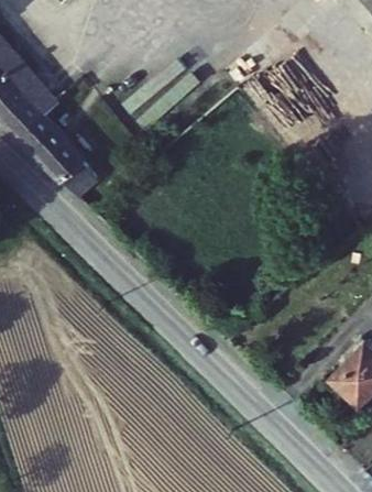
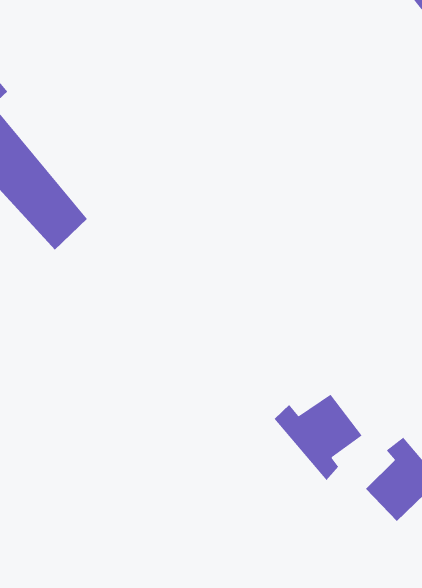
building: none -> [274,394,363,481]

